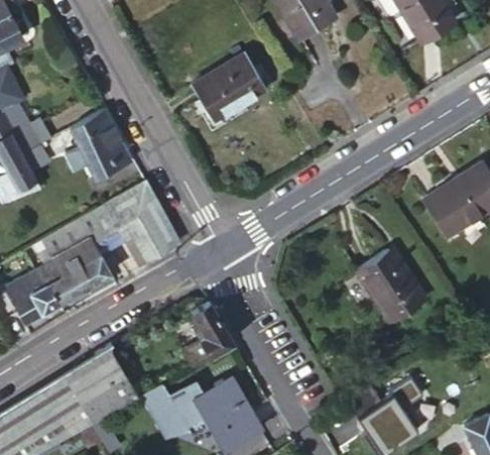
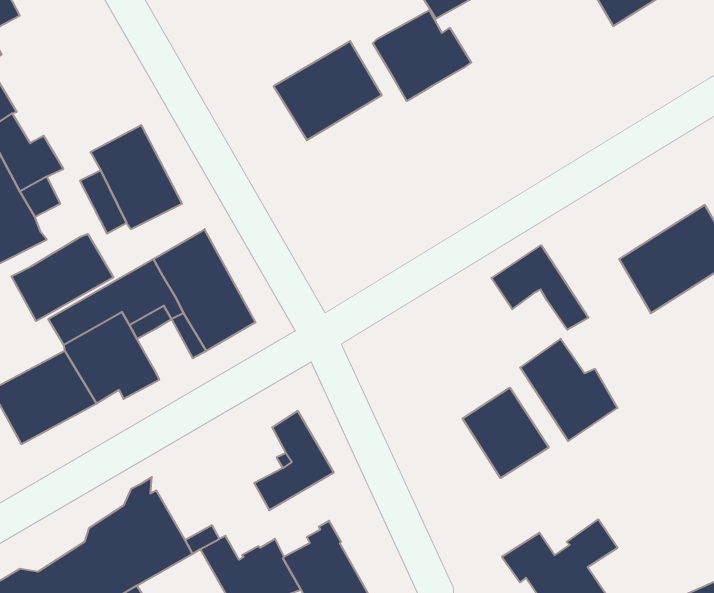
building: none -> [373,10,471,101]
building: none -> [11,234,113,321]
building: none -> [491,245,588,330]
building: none -> [462,388,549,478]

